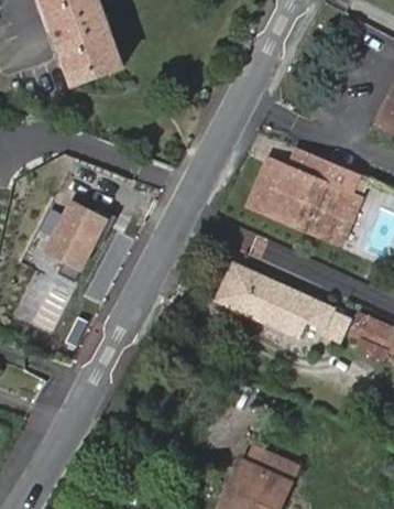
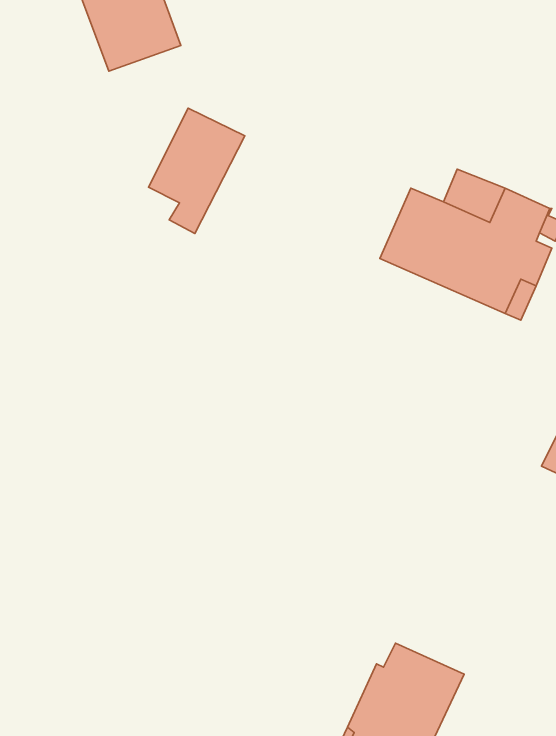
building: [45,196,107,277] -> [149,108,245,234]
building: [217,263,330,335] -> none

